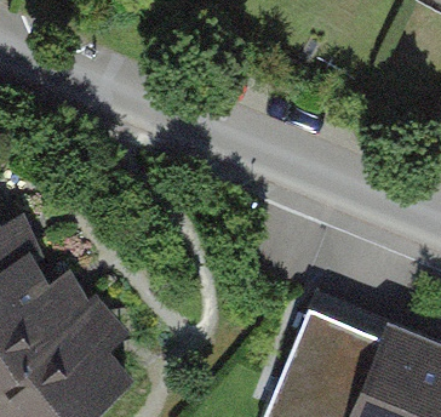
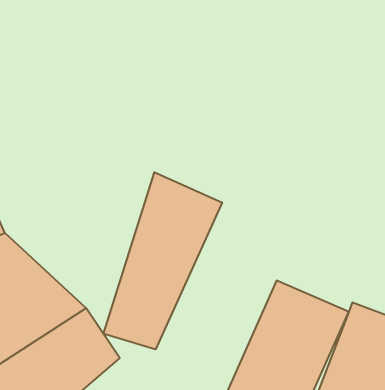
building: none -> [103,172,222,349]

